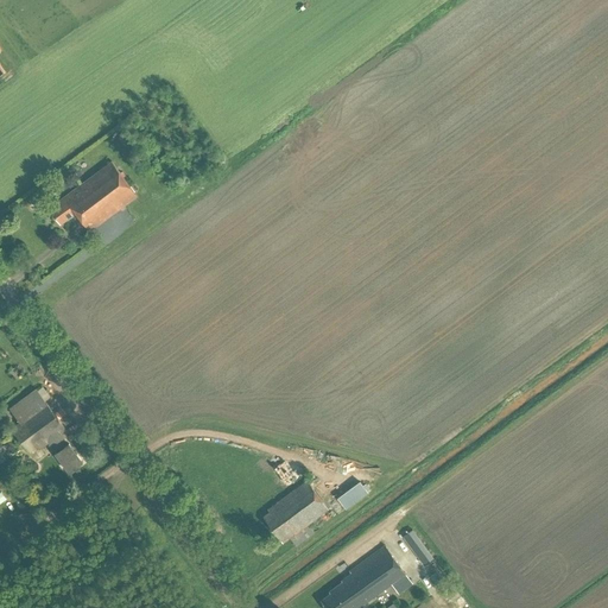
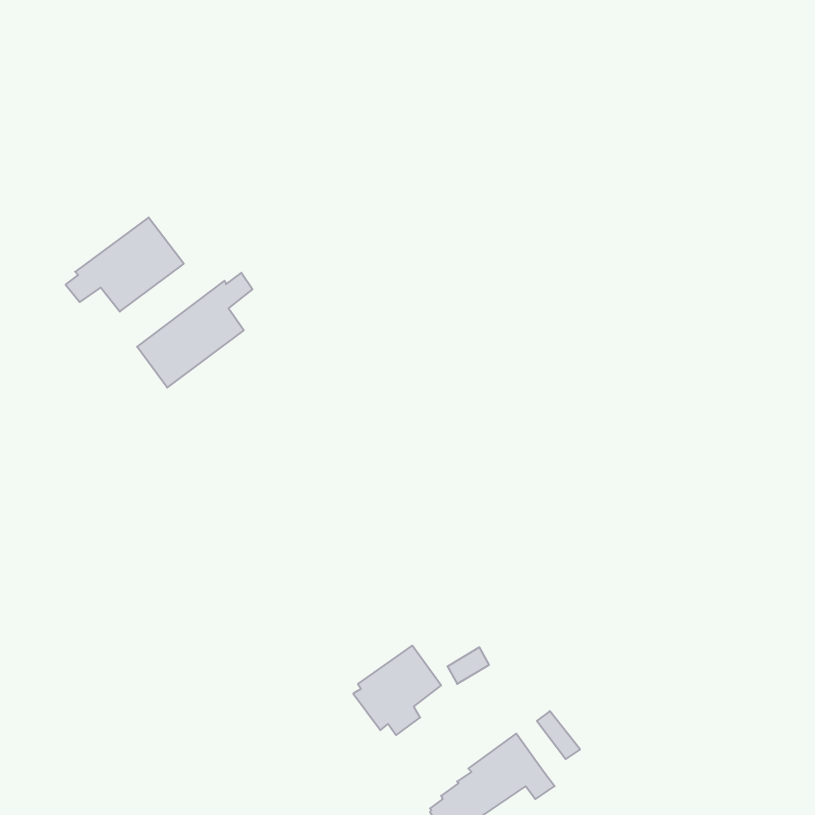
building: none -> [137,273,252,388]
building: [7,391,82,474] -> none

